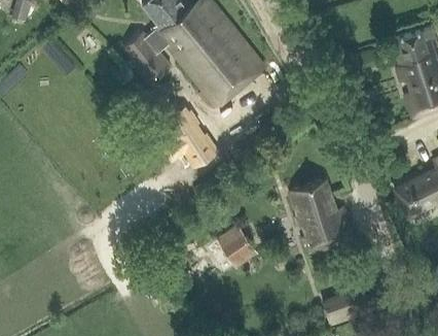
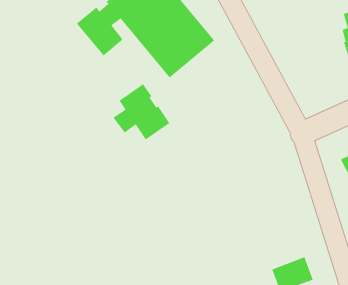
building: [288,175,353,250] -> none
building: [216,225,256,268] -> none

